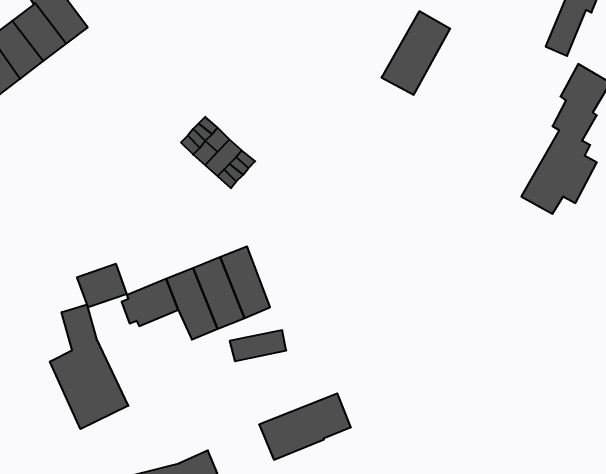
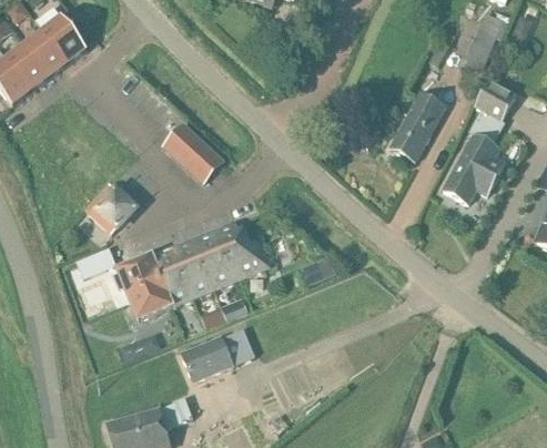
building: [381,11,450,95] -> [389,92,446,161]
building: none -> [87,183,135,233]
building: none -> [217,222,269,279]
building: [50,304,128,429] -> none
building: none -> [129,282,172,319]
building: [259,393,351,460] -> [180,327,255,381]

